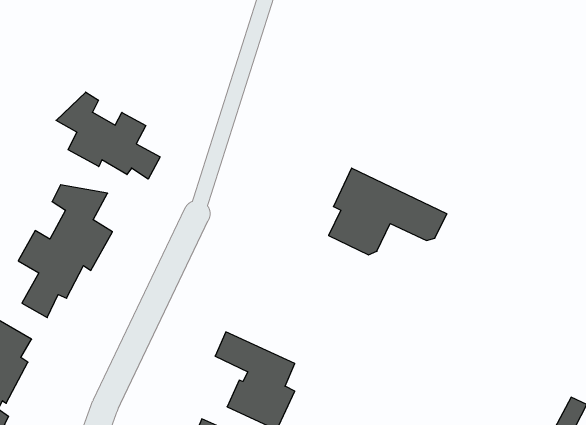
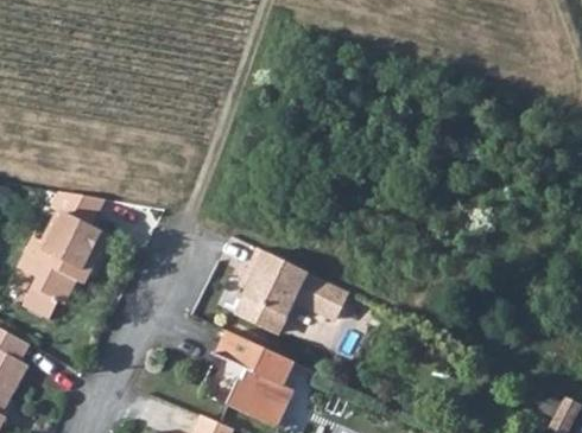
building: [56,92,160,179] -> none
building: [329,168,447,255] -> [232,247,348,332]

